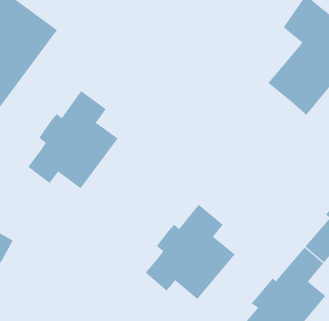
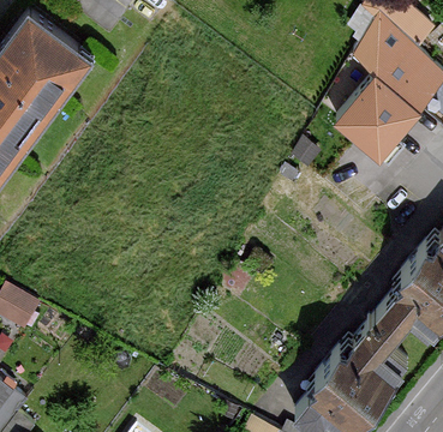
building: [27,90,119,189] -> none
building: [145,204,235,300] -> none

